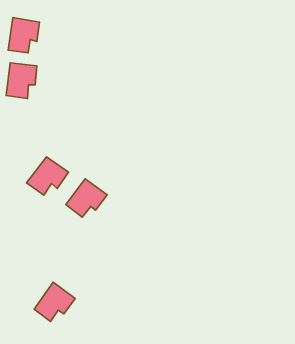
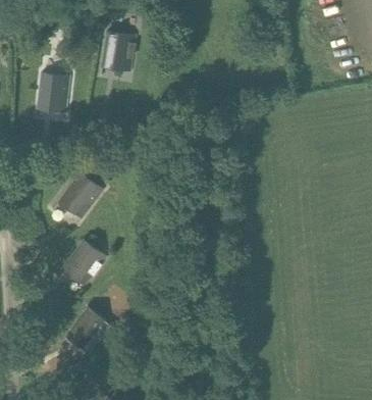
building: [8,17,40,53] -> [103,33,137,70]
building: [66,179,107,217] -> [63,242,107,283]

